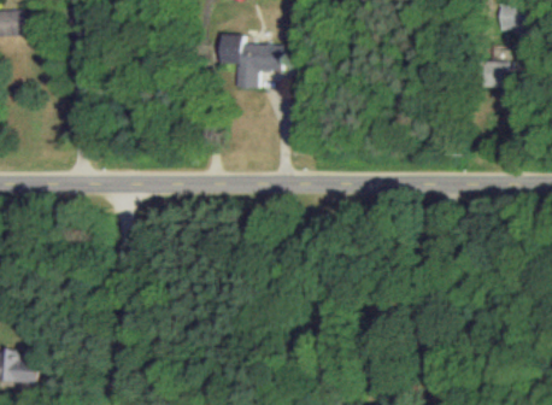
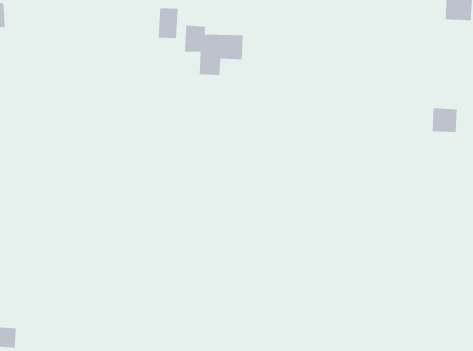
building: none -> [158,8,178,39]
building: [485,60,512,87] -> [432,108,458,133]

